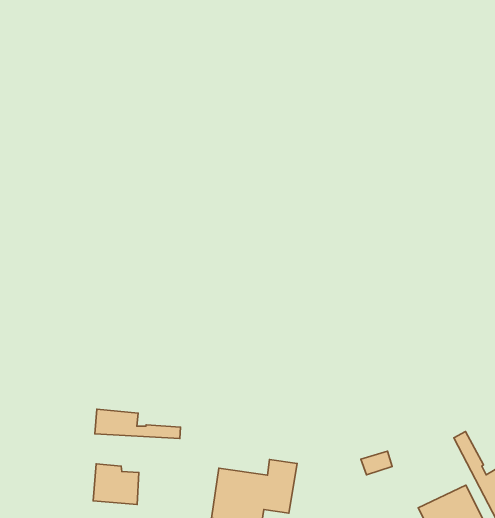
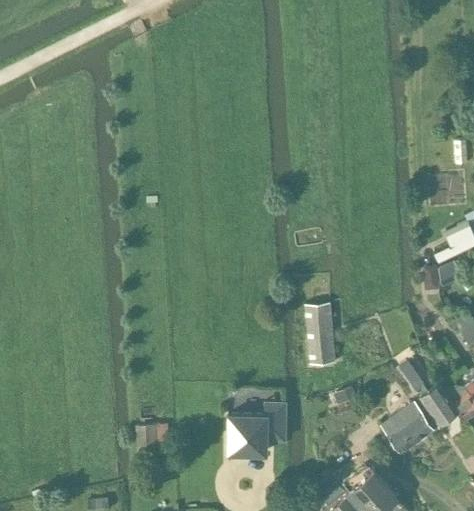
building: none -> [306,302,335,363]
building: [95,409,181,438] -> none

